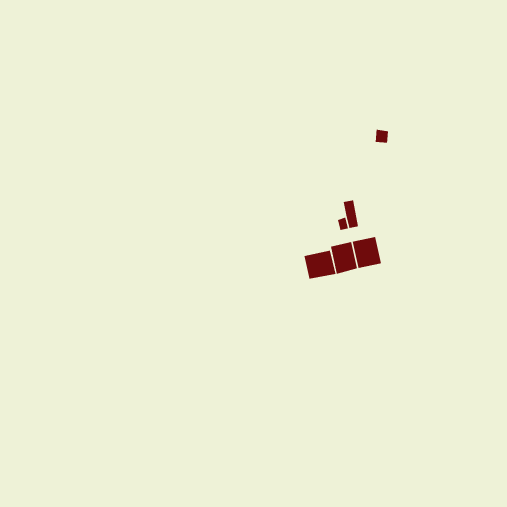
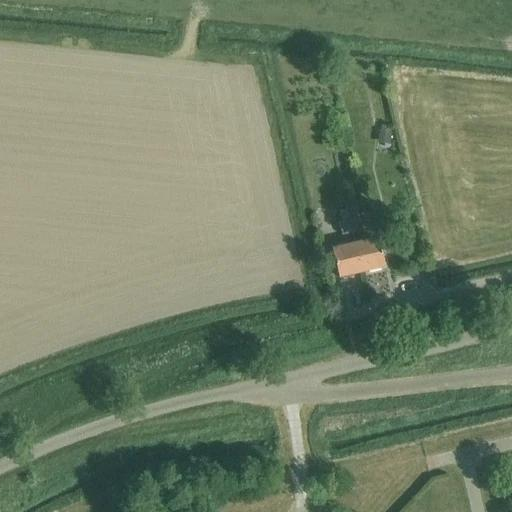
building: [304,250,336,280] -> none

